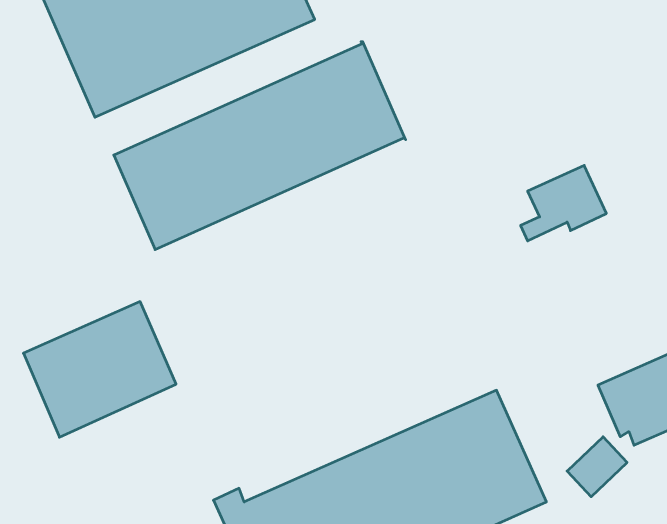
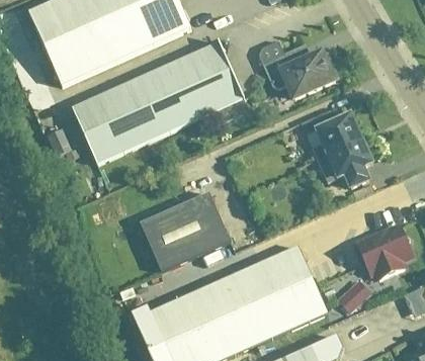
building: none -> [258,39,335,98]
building: none -> [316,142,371,187]
building: [23,302,176,437] -> [140,191,230,271]

